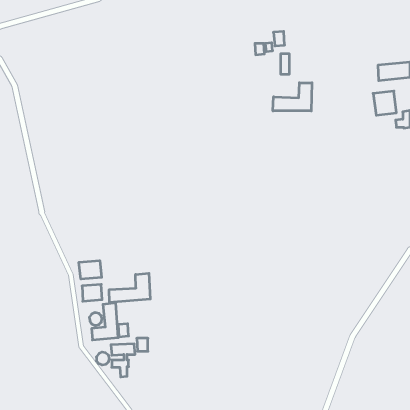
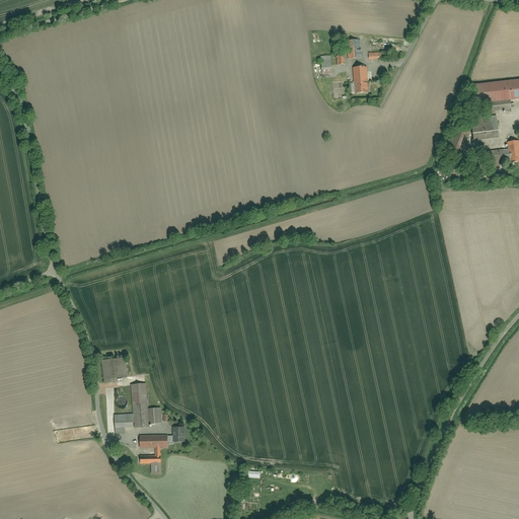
building: [273,83,312,111] -> none
building: [79,261,102,279] -> none
building: [109,273,150,302] -> none

